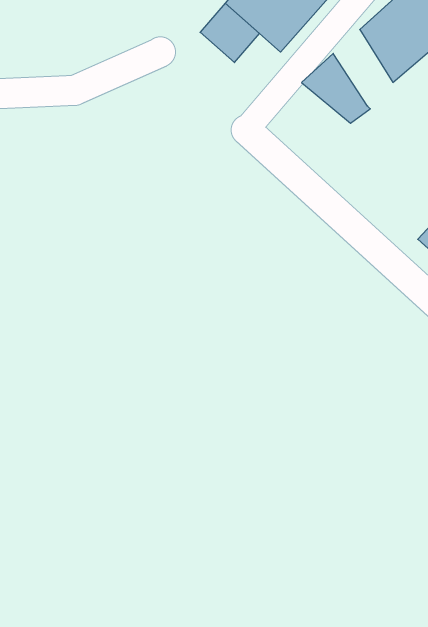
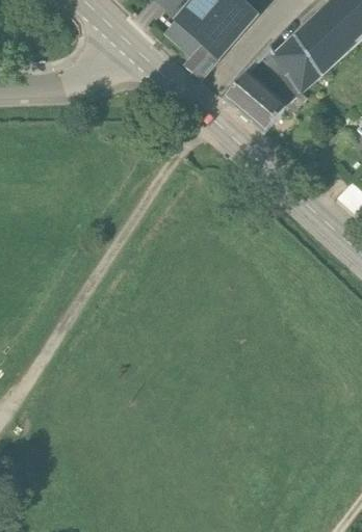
building: none -> [275,26,325,86]
building: none -> [197,29,233,66]
building: none -> [227,68,288,127]

